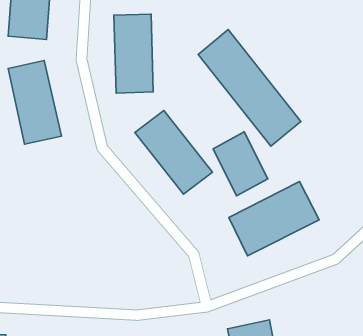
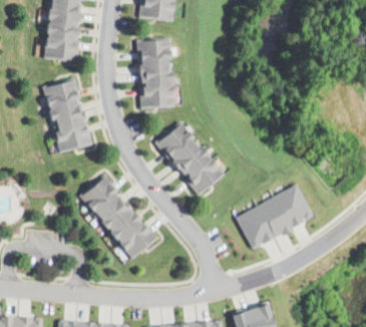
building: [198,30,301,146] -> none
building: [213,132,268,196] -> none
building: none -> [80,177,155,259]

